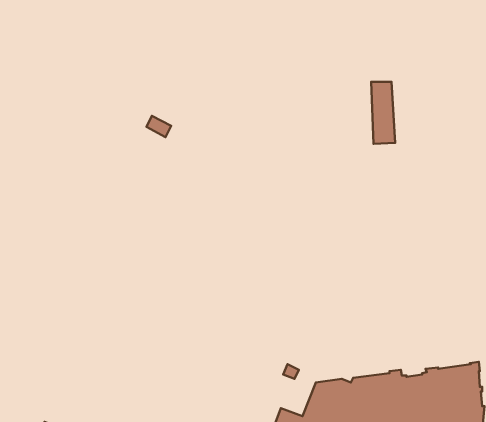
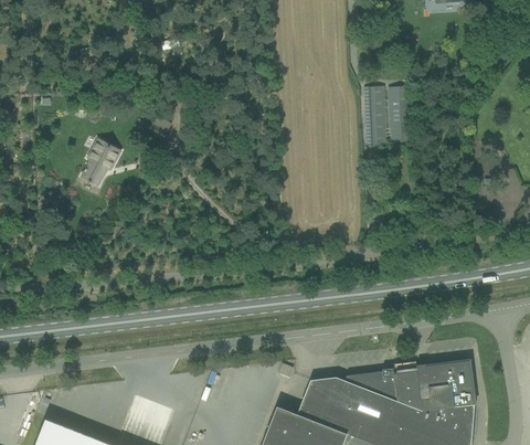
building: none -> [386,86,411,147]
building: none -> [81,141,119,186]

